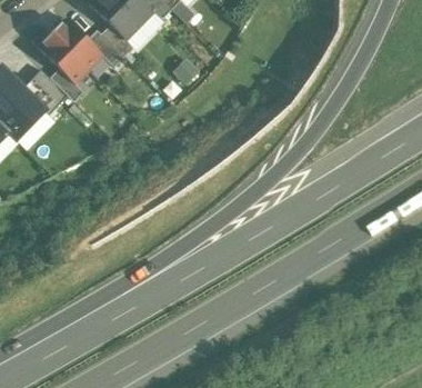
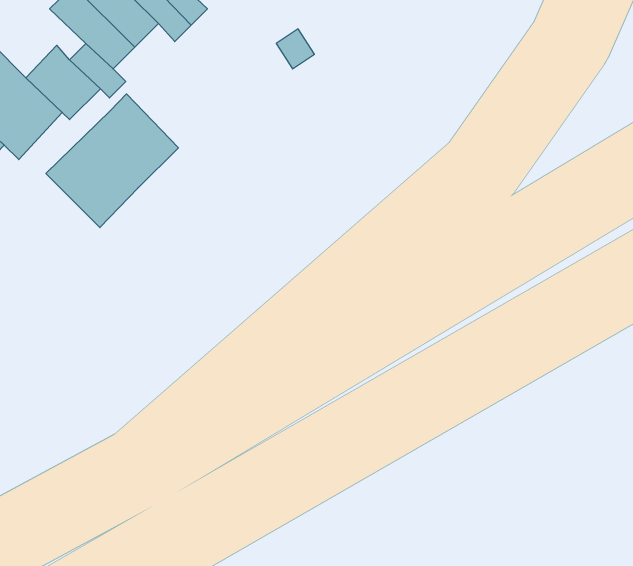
building: none -> [46,94,178,228]

